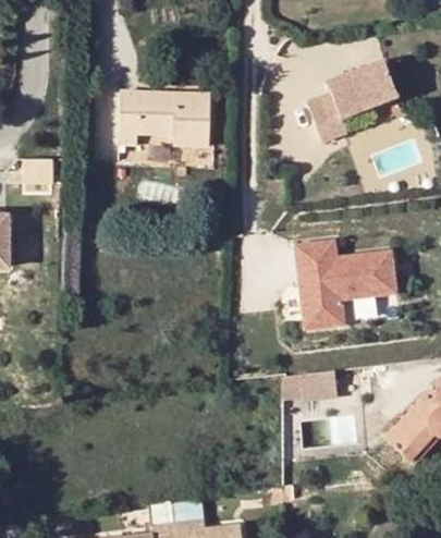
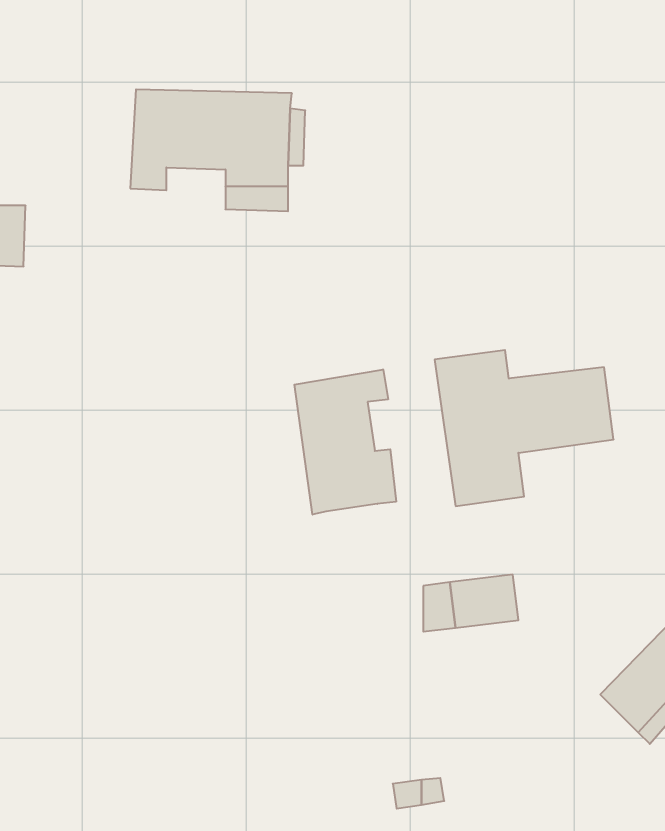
building: [308,56,399,139] -> none
building: none -> [294,369,396,515]

